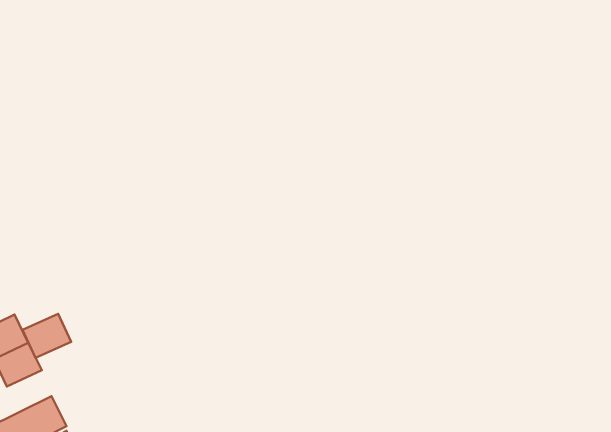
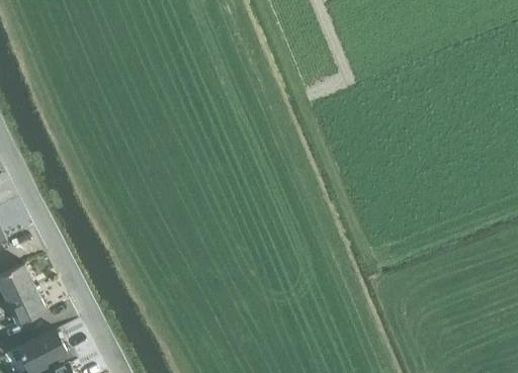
building: [22,314,71,358] -> none

